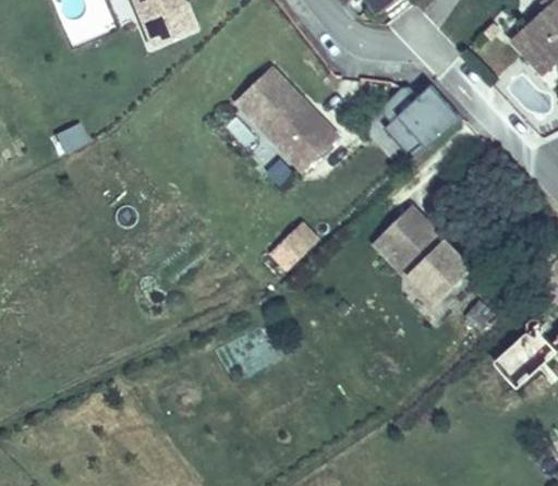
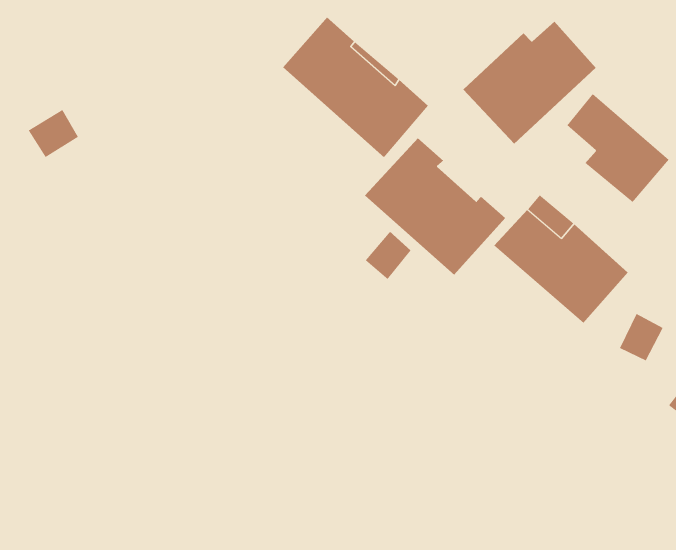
building: none -> [567,93,670,203]
building: none -> [364,137,506,275]

